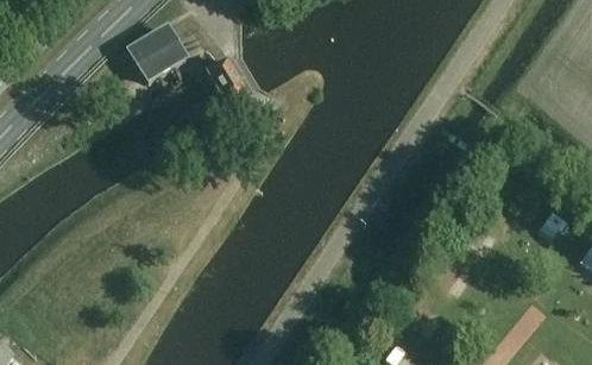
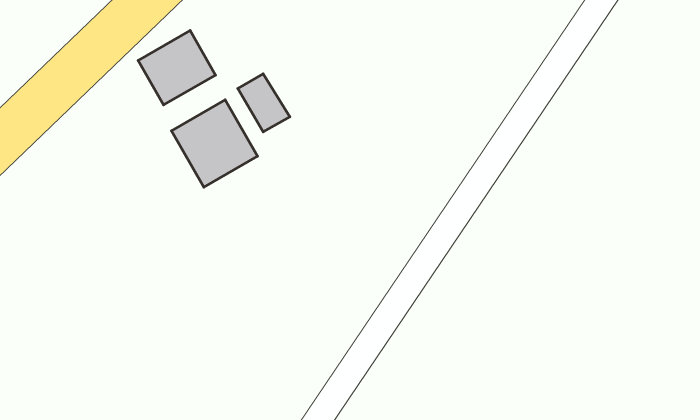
building: none -> [171,100,258,187]

